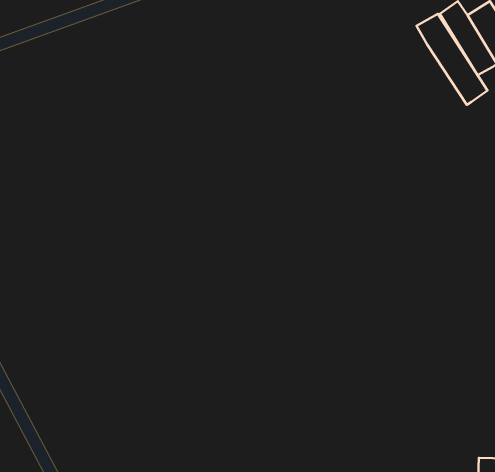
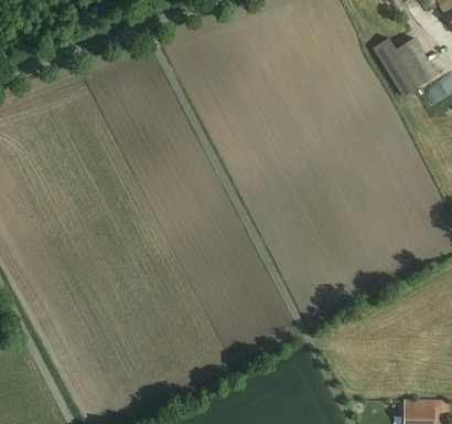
building: [416,14,487,105] -> none

